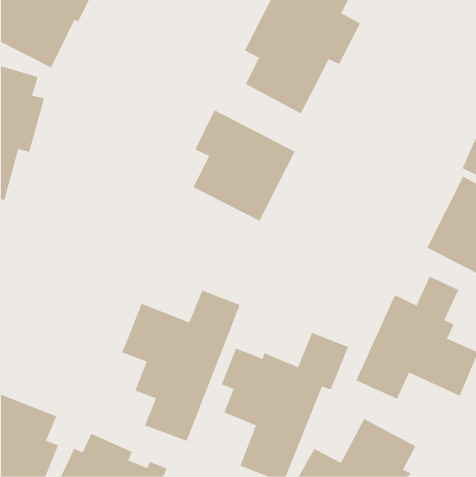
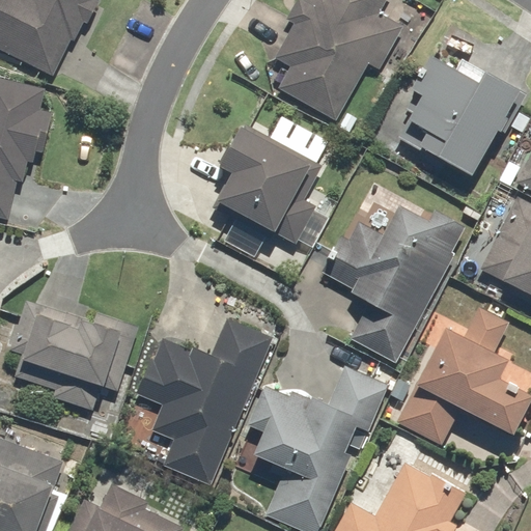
building: none -> [387,55,518,176]
building: none -> [316,202,463,364]
building: none -> [8,306,137,410]

